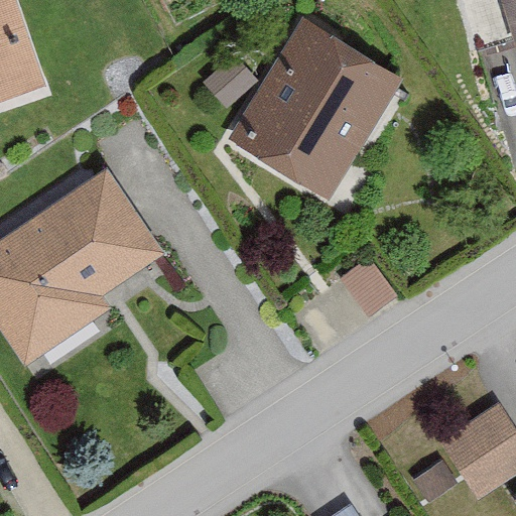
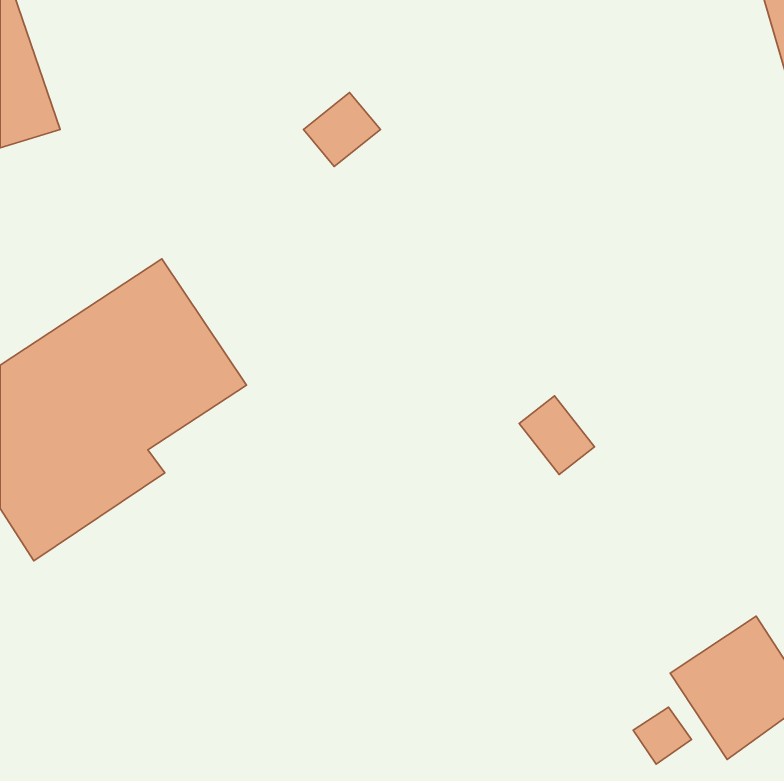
building: [230,23,397,198] -> none

